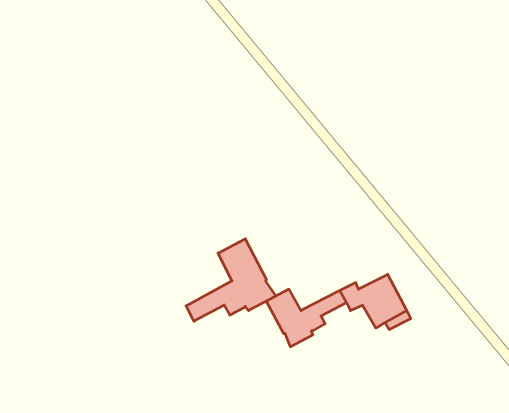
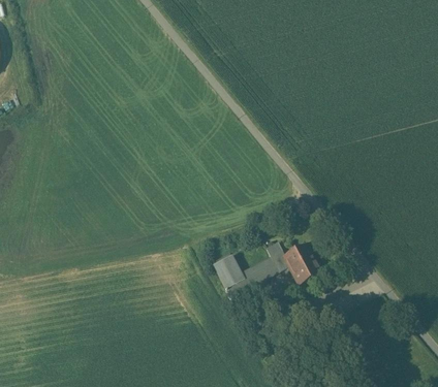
building: [186,239,276,321] -> none

